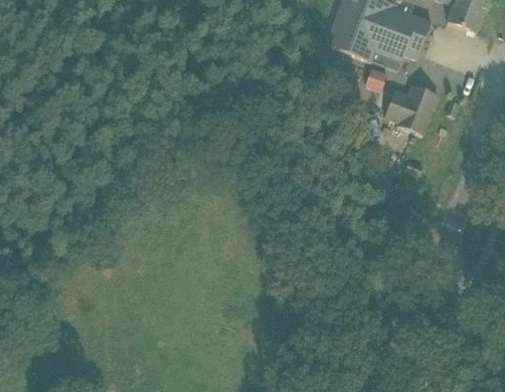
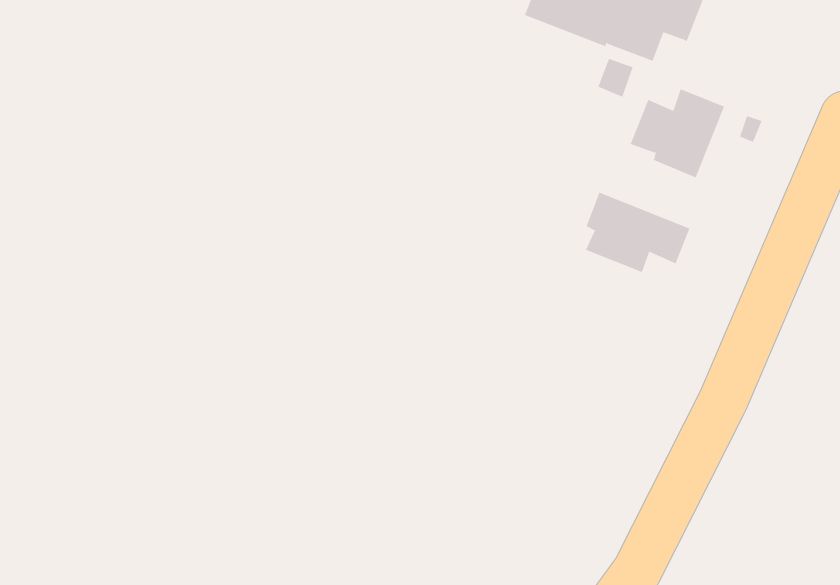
building: none -> [585,192,690,273]

